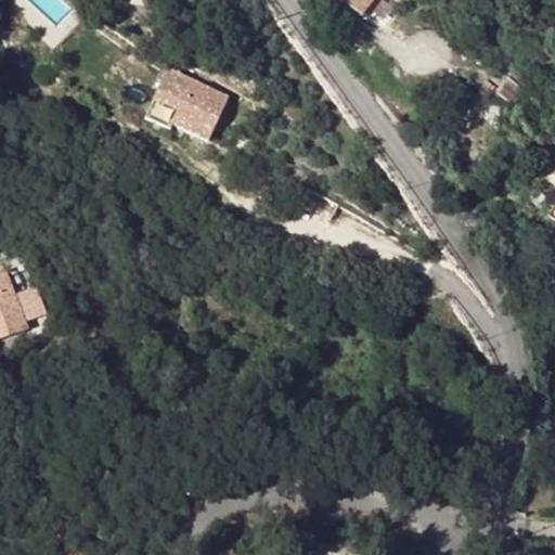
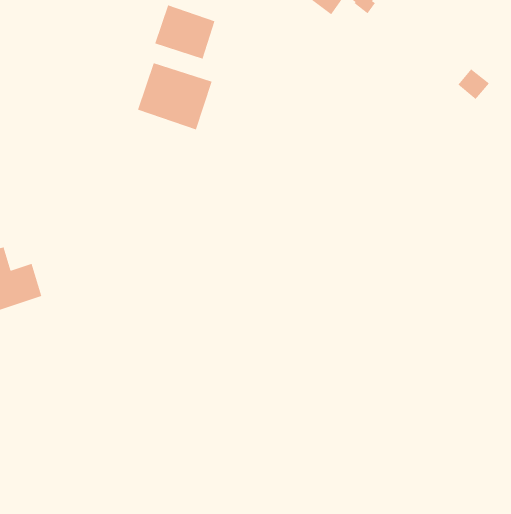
building: none -> [155,5,215,59]

